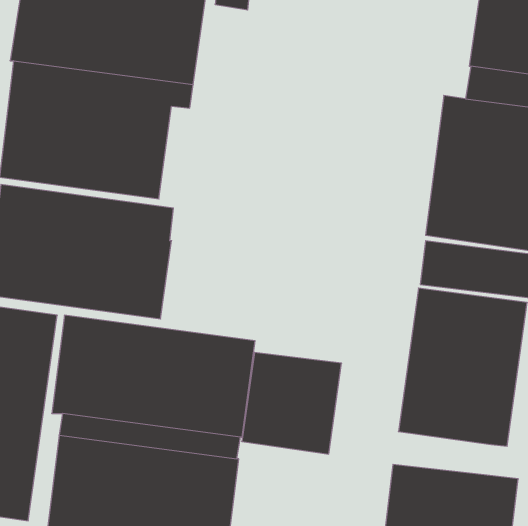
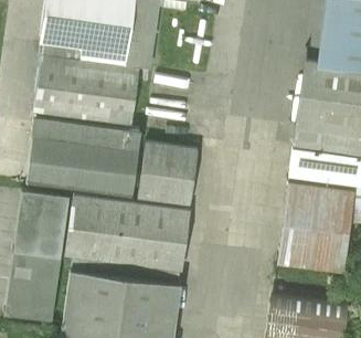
building: [242,352,342,454] -> [138,144,199,205]

